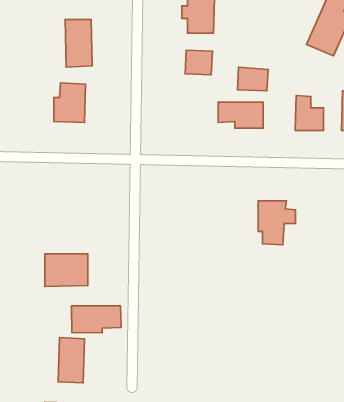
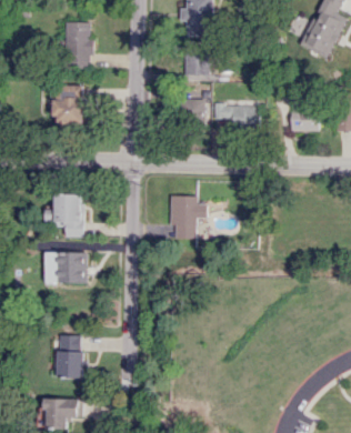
building: [237,67,268,91] -> [177,101,207,124]
building: none -> [46,193,83,236]
building: [258,201,295,245] -> [170,195,207,239]
building: [72,306,121,333] -> none

